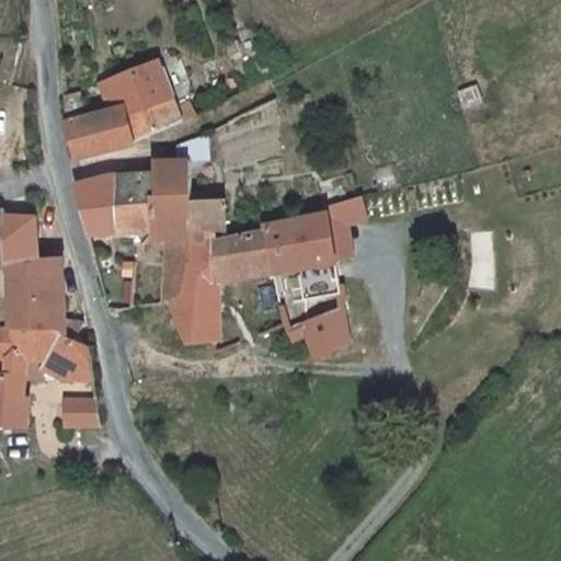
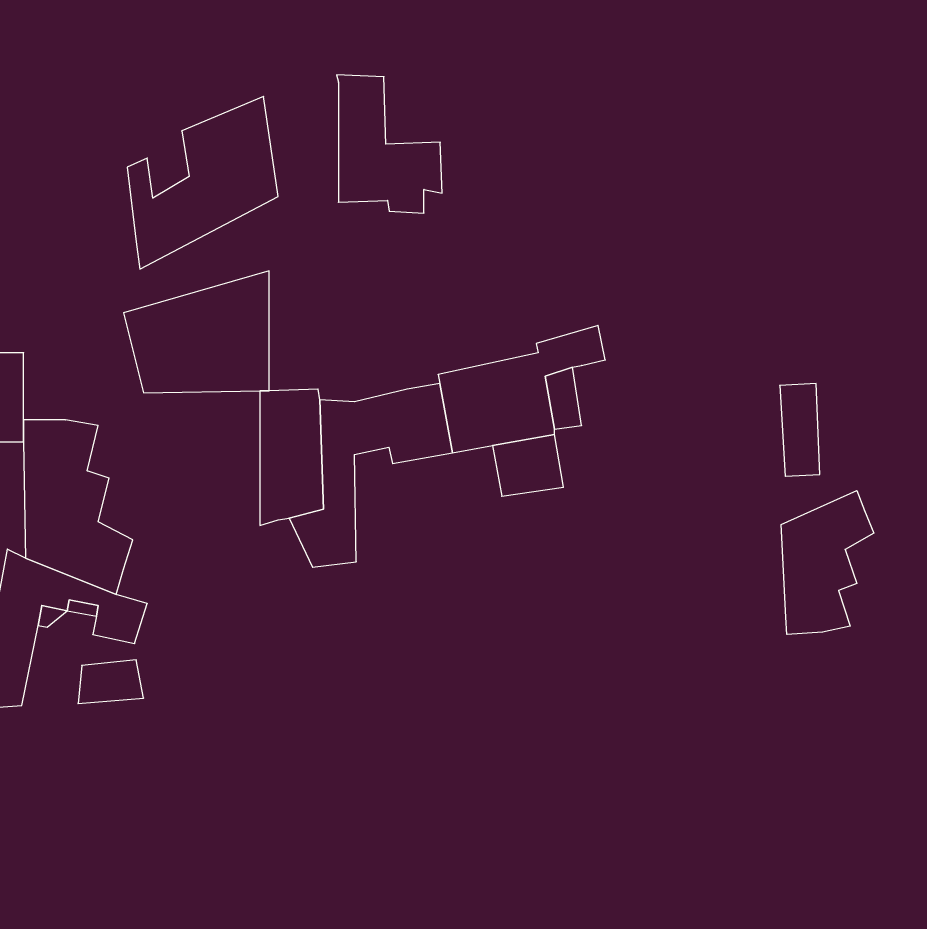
building: [161,159,225,242] -> [337,75,442,213]
building: [14,209,39,253] -> none
building: none -> [781,491,874,634]
building: [294,300,347,356] -> none

